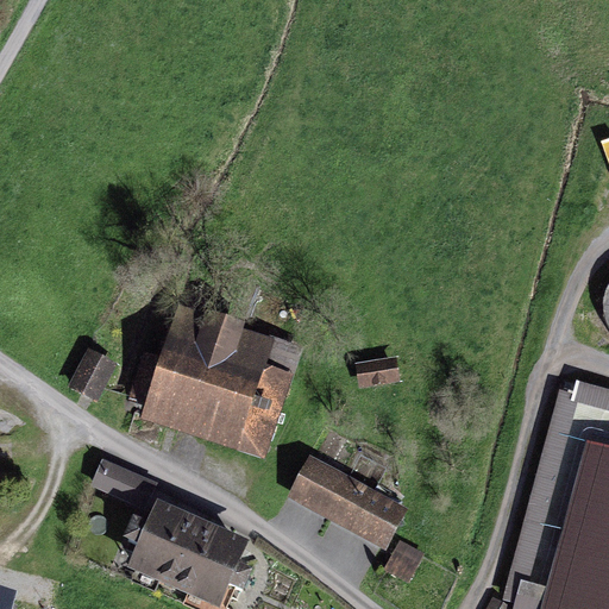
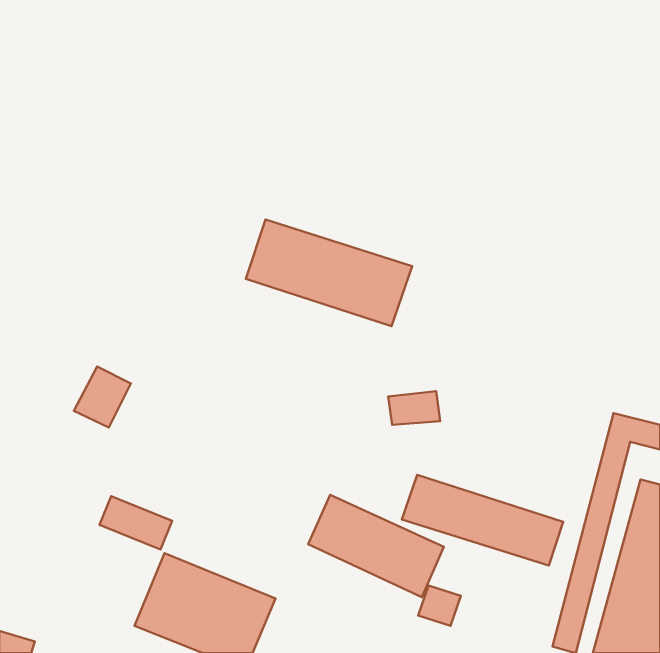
building: none -> [246,220,412,326]
building: [144,306,288,457] -> none
building: none -> [402,475,563,566]

